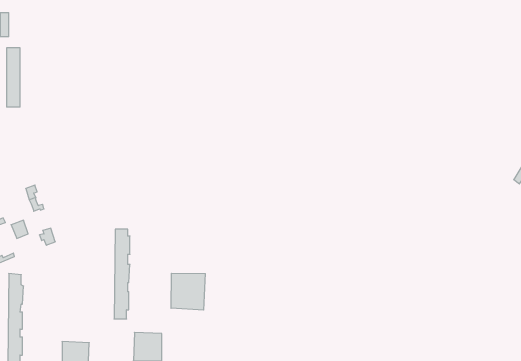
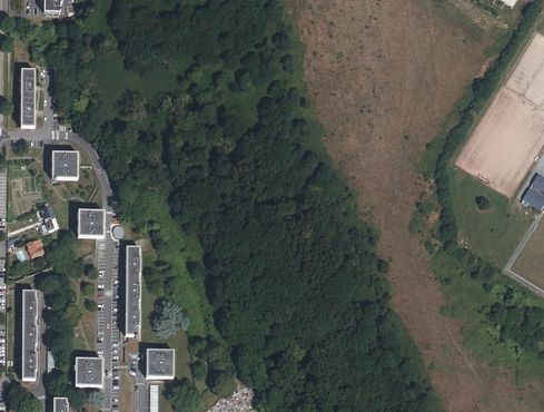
building: none -> [53,154,79,179]
building: none -> [79,212,105,237]
building: [171,273,205,310] -> none

